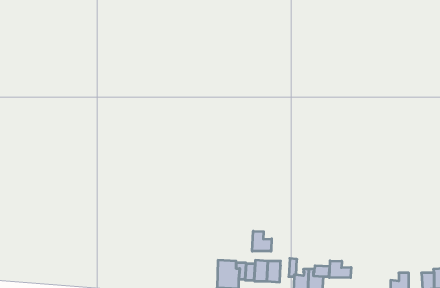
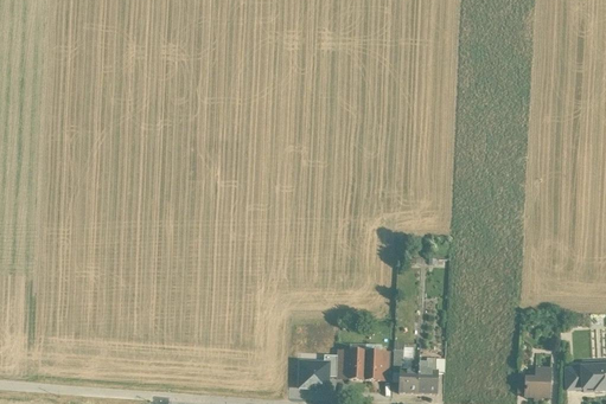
building: [252,231,272,251] -> none
building: [329,261,351,278] -> none

